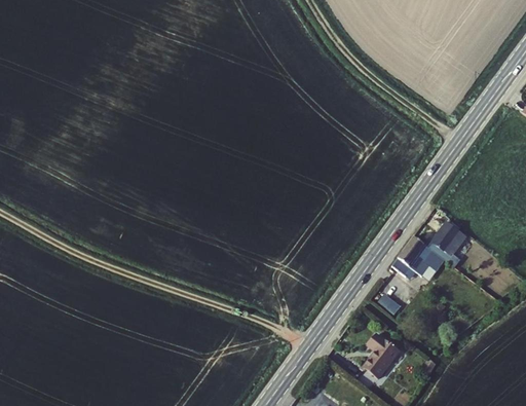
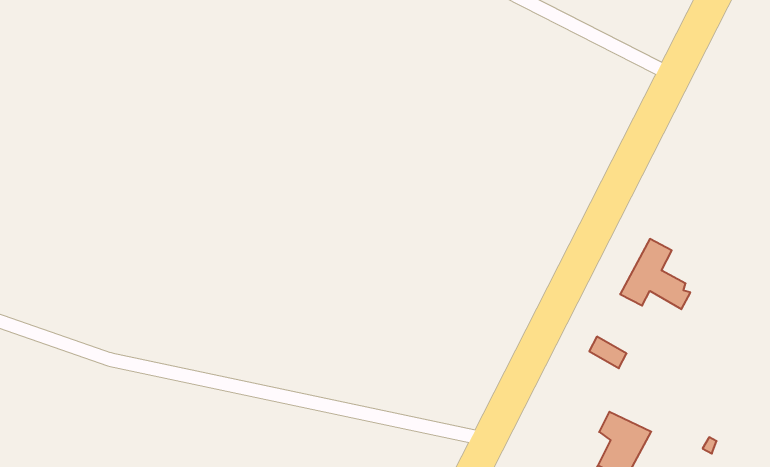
building: [433,221,466,263] -> none

